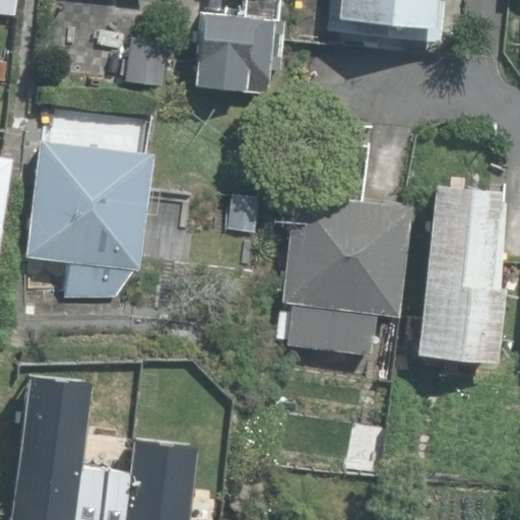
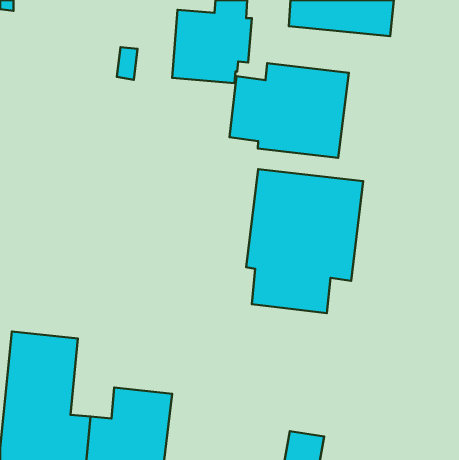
building: none -> [229,63,349,158]
building: [30,144,152,305] -> none
building: [417,184,508,363] -> none

